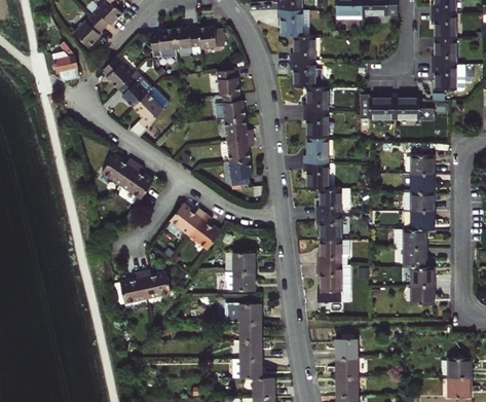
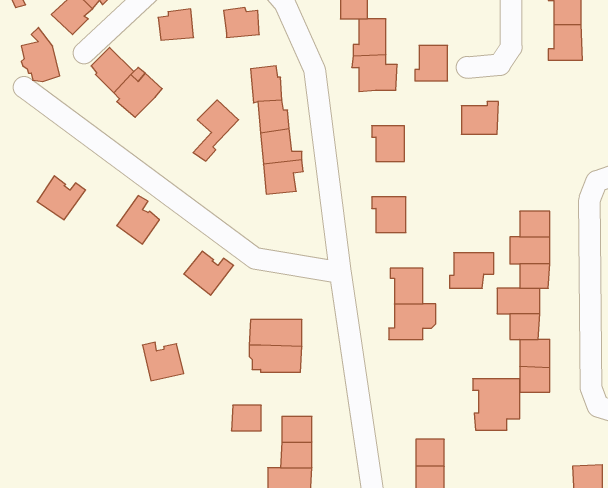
building: [174,26,199,48] -> none
building: [432,65,465,90] -> none
building: [304,86,328,112] -> [415,45,448,81]
building: [130,92,163,136] -> [193,100,239,161]
building: [395,95,421,118] -> none
building: [304,138,329,163] -> none
building: [101,152,136,184] -> [37,176,86,220]
building: [411,154,433,174] -> none
building: [228,159,251,186] -> none
building: [317,189,349,215] -> [450,253,494,288]
building: [188,213,220,248] -> none
building: [316,266,350,303] -> [473,379,520,430]
building: [117,270,145,301] -> none
building: [239,303,261,322] -> [231,405,261,431]

